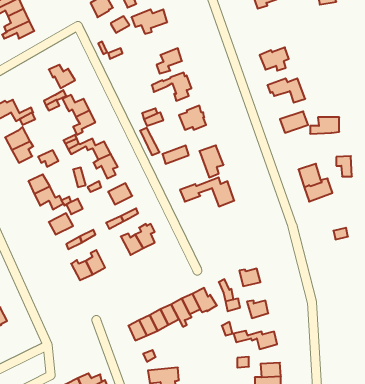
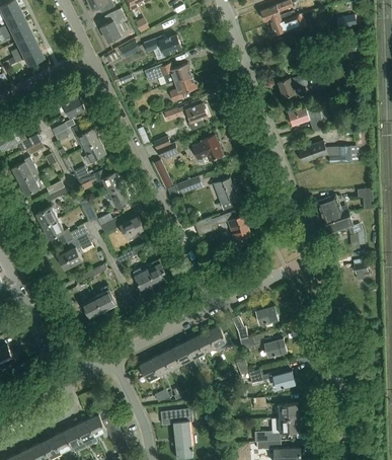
building: none -> [145,63,191,84]

